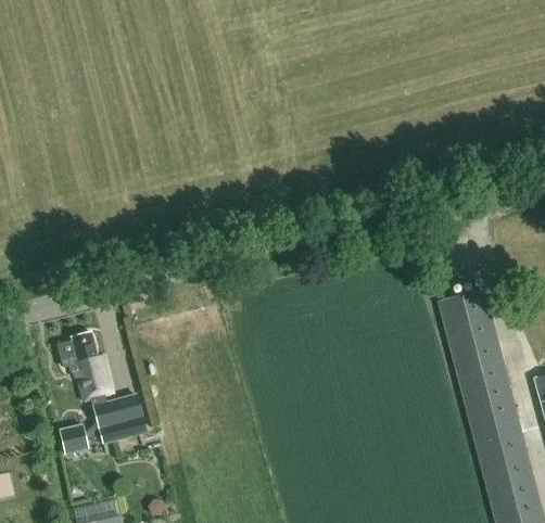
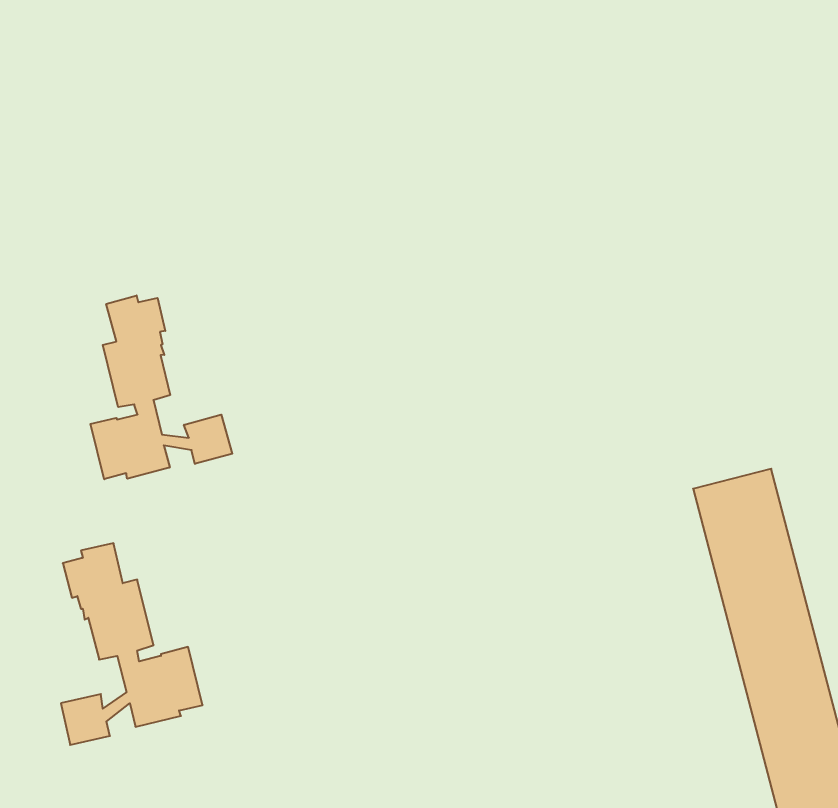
building: none -> [90,295,232,479]

